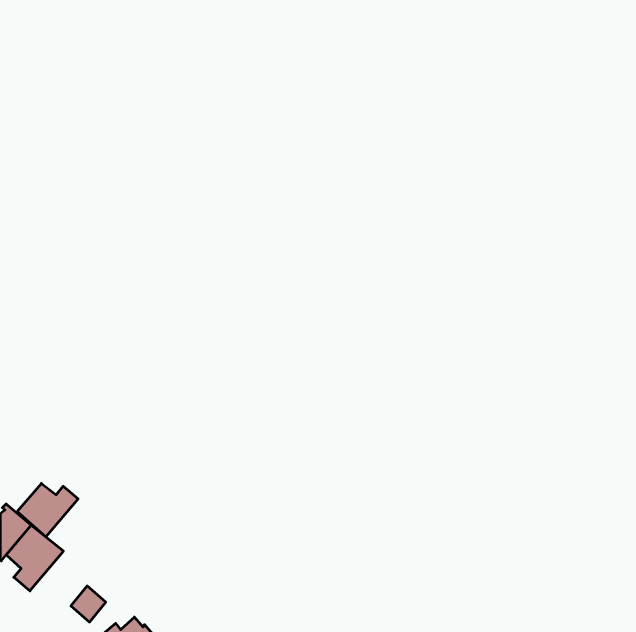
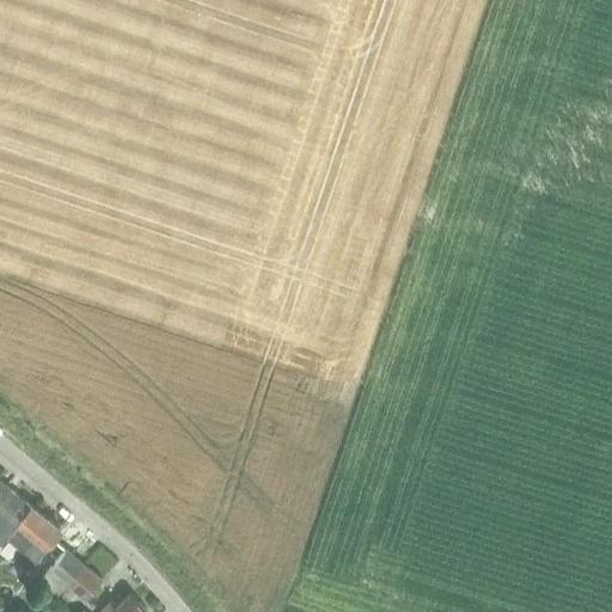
building: [17,483,78,537] -> none
building: none -> [41,552,84,598]

